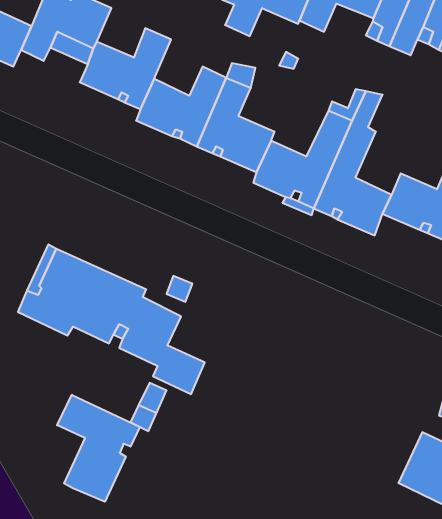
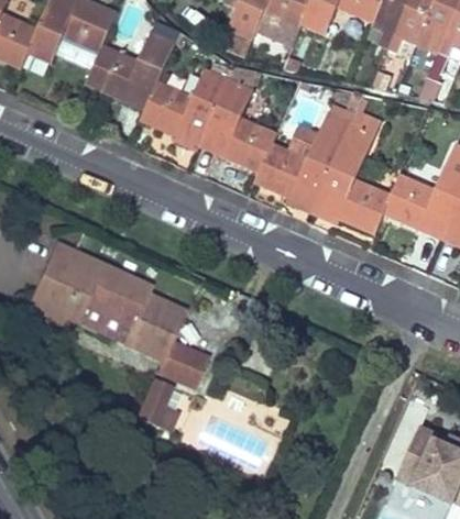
building: [57,395,140,502] -> none

